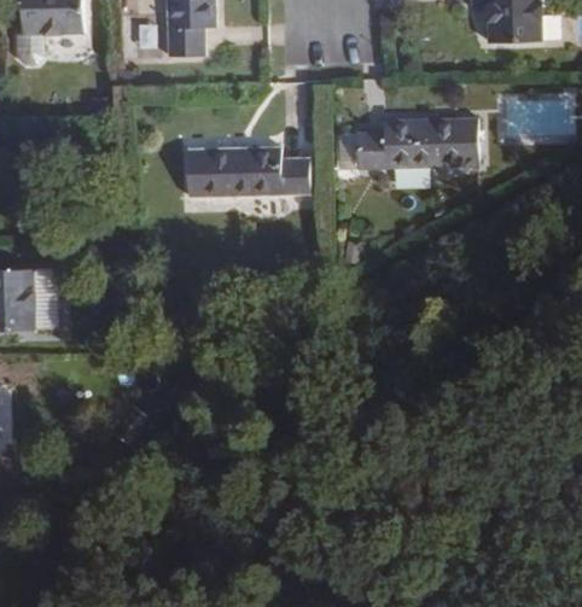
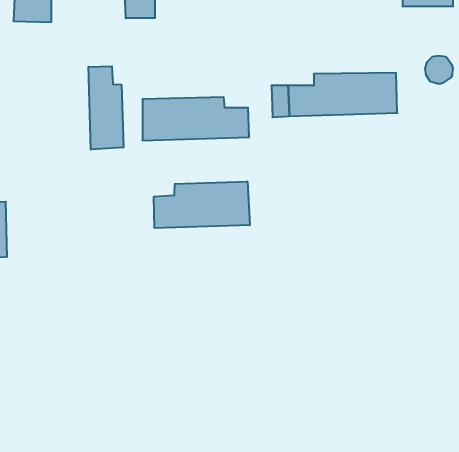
building: none -> [88,66,123,150]
building: none -> [154,181,250,228]

